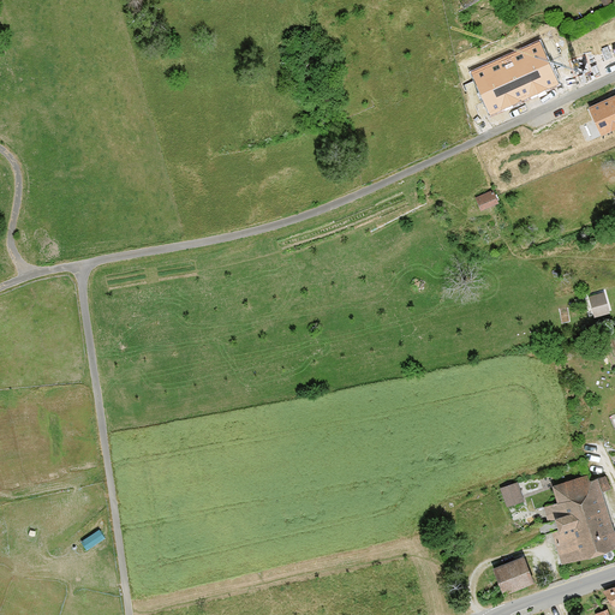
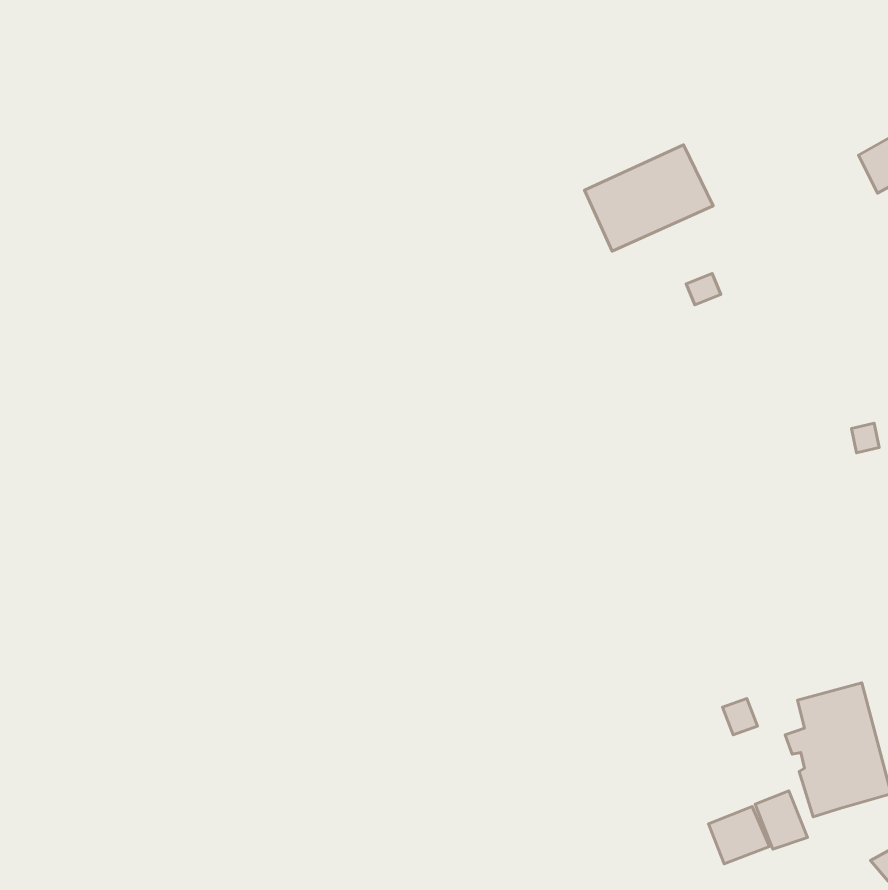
building: [472,42,561,115] -> [584,145,713,251]
building: none -> [755,791,807,849]

